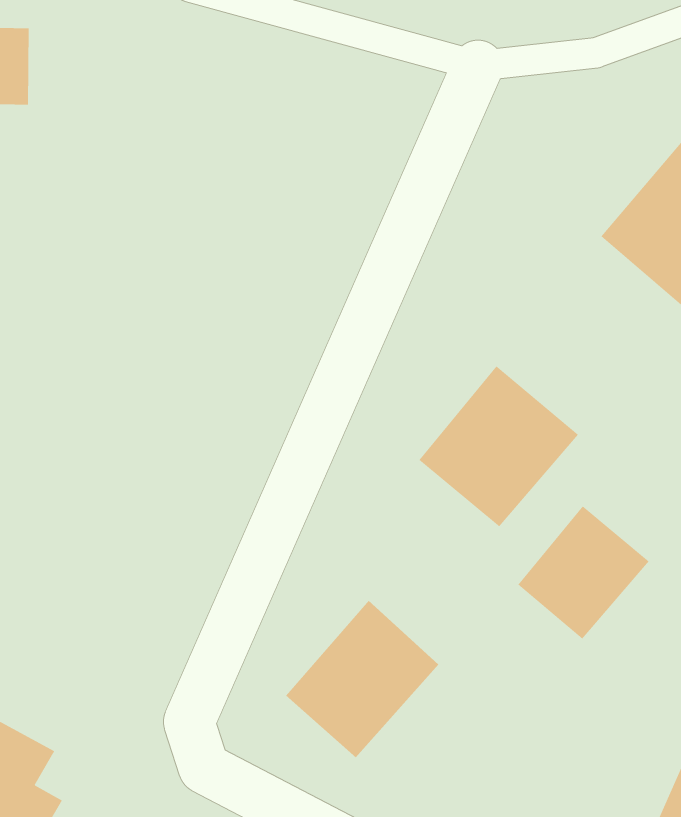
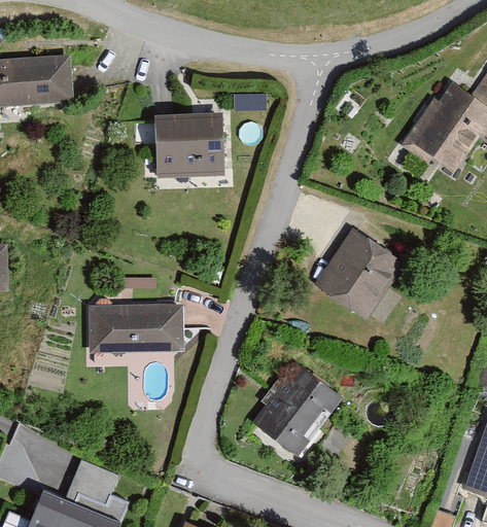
building: none -> [153,119,222,179]
building: none -> [89,302,182,352]
building: [518,505,649,640] -> none

